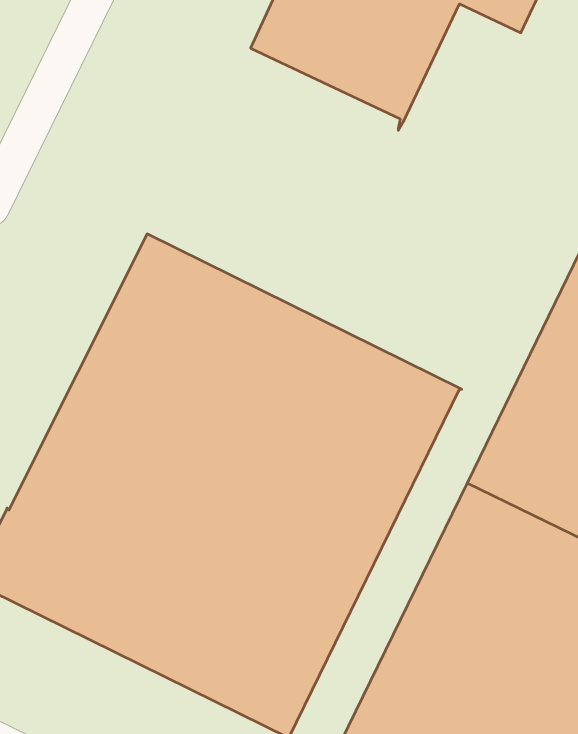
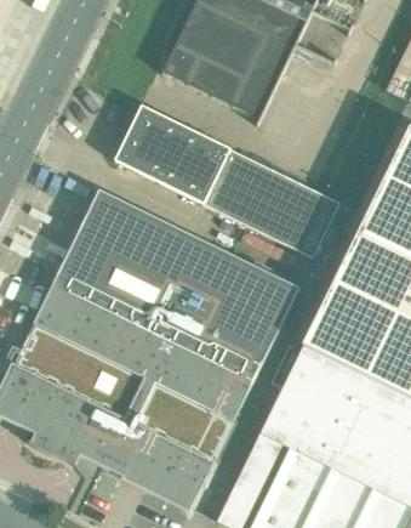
building: none -> [114,104,338,256]

